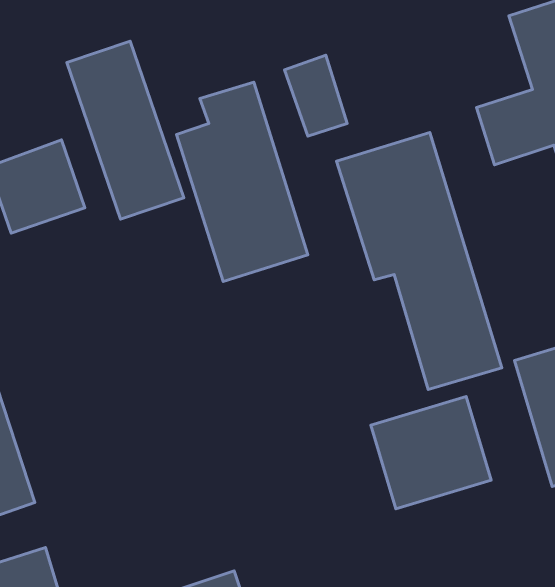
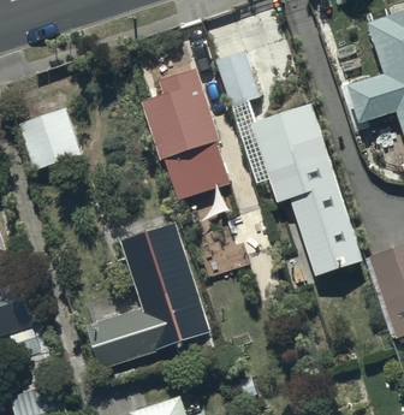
building: [67,41,184,219] -> none
building: none -> [85,221,209,364]
building: [371,397,491,509] -> none

